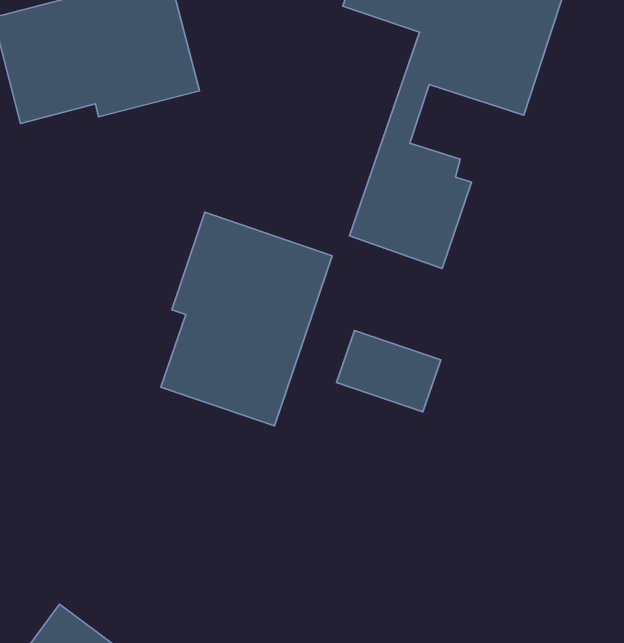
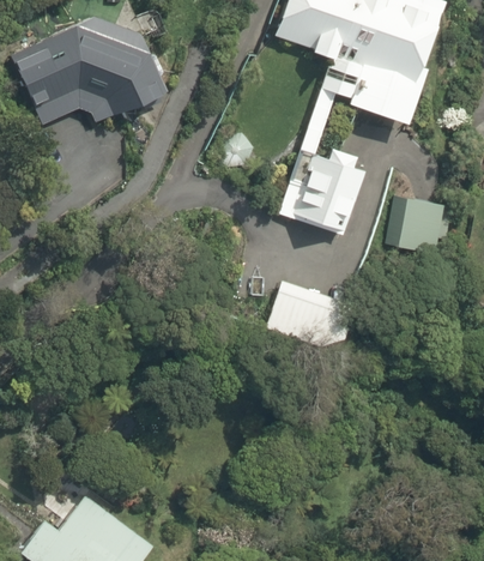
building: [161,212,332,426] -> none
building: none -> [394,195,442,254]

